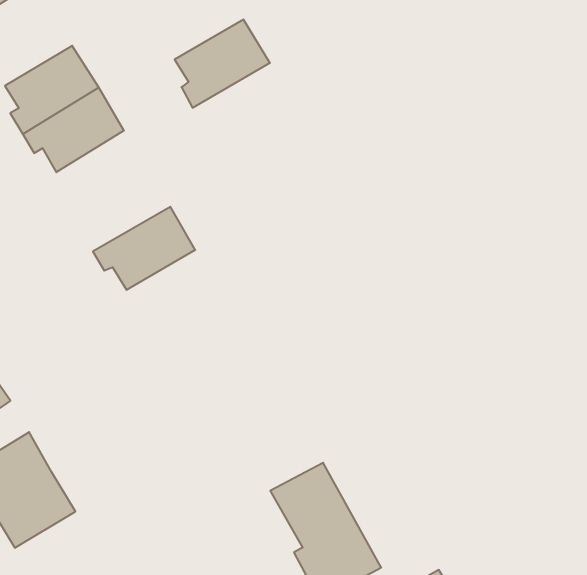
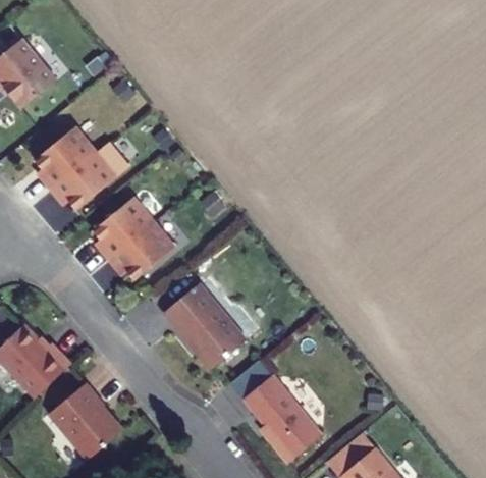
building: [175,20,270,108] -> [91,197,153,259]
building: none -> [159,282,241,368]

